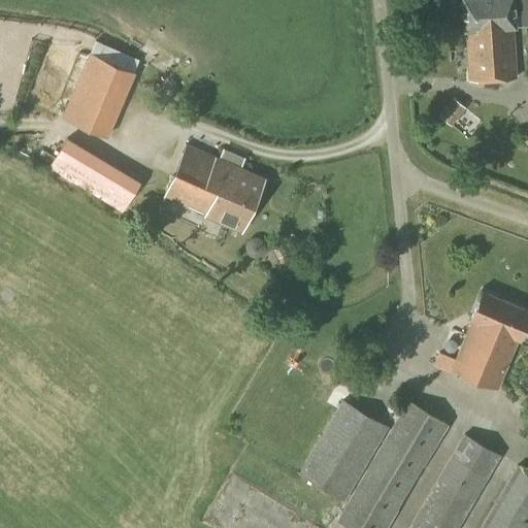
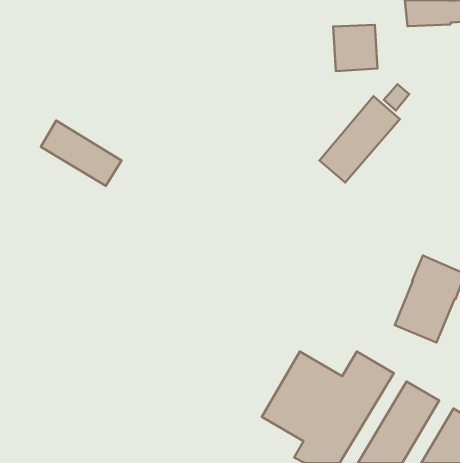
building: [468,28,519,80] -> [333,25,378,71]
building: [64,44,138,137] -> none
building: none -> [319,96,400,183]
building: [166,144,265,231] -> none

